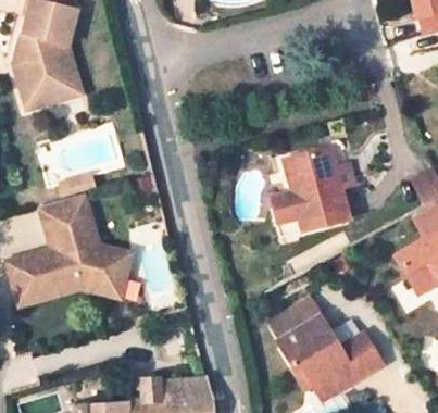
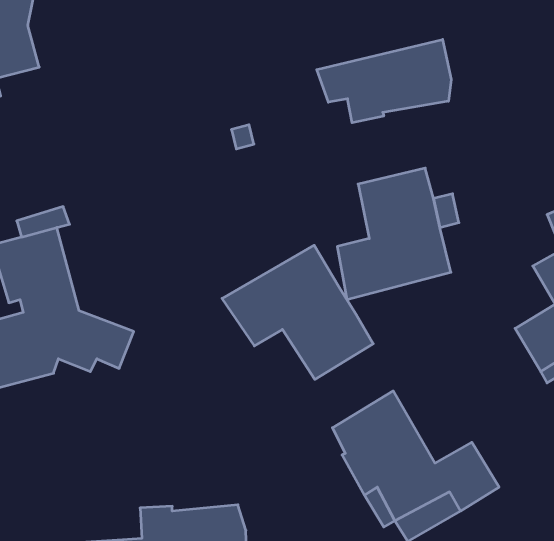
building: none -> [317,39,451,123]
building: none -> [222,245,373,379]

